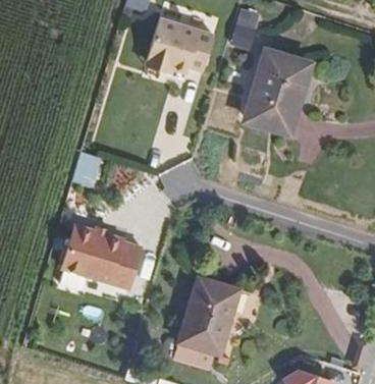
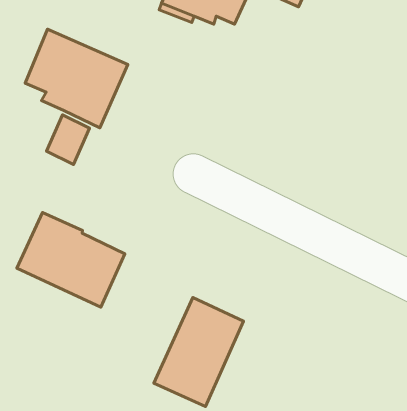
building: [242,50,308,136] -> none
building: none -> [25,29,128,128]

